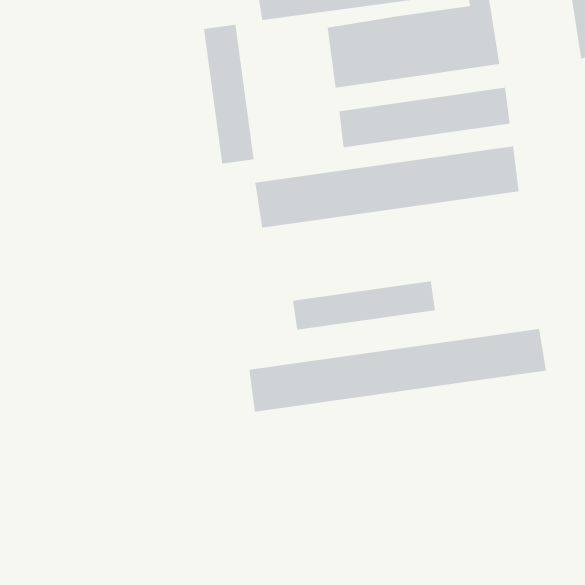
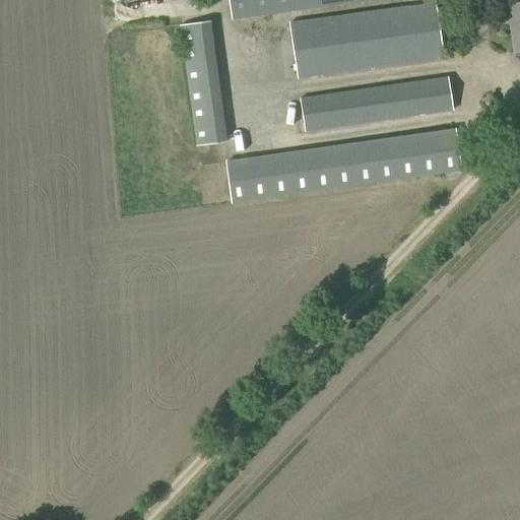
building: [292,281,435,330] -> none
building: [249,328,546,412] -> none

